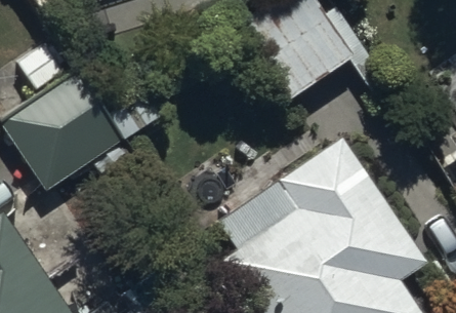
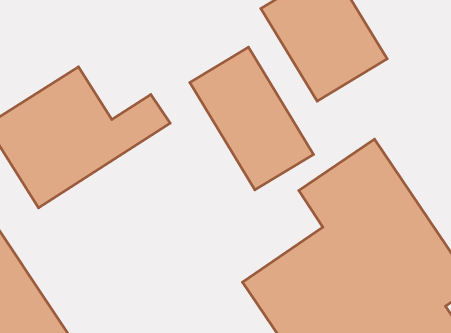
building: none -> [190,47,314,190]

